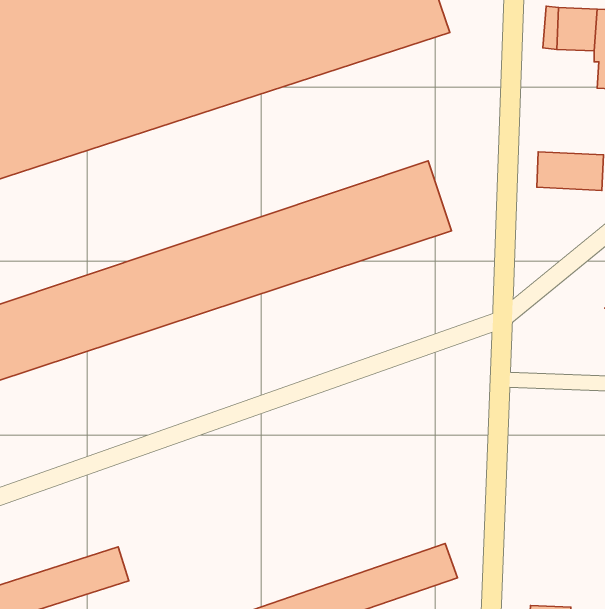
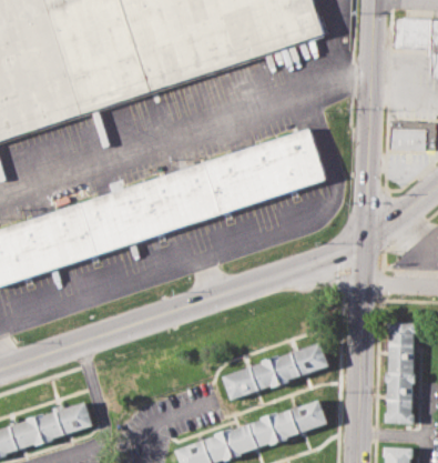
building: none -> [384,319,418,423]
building: none -> [225,342,333,403]

